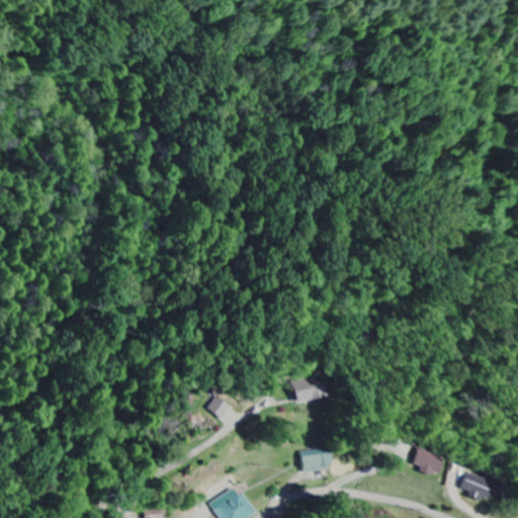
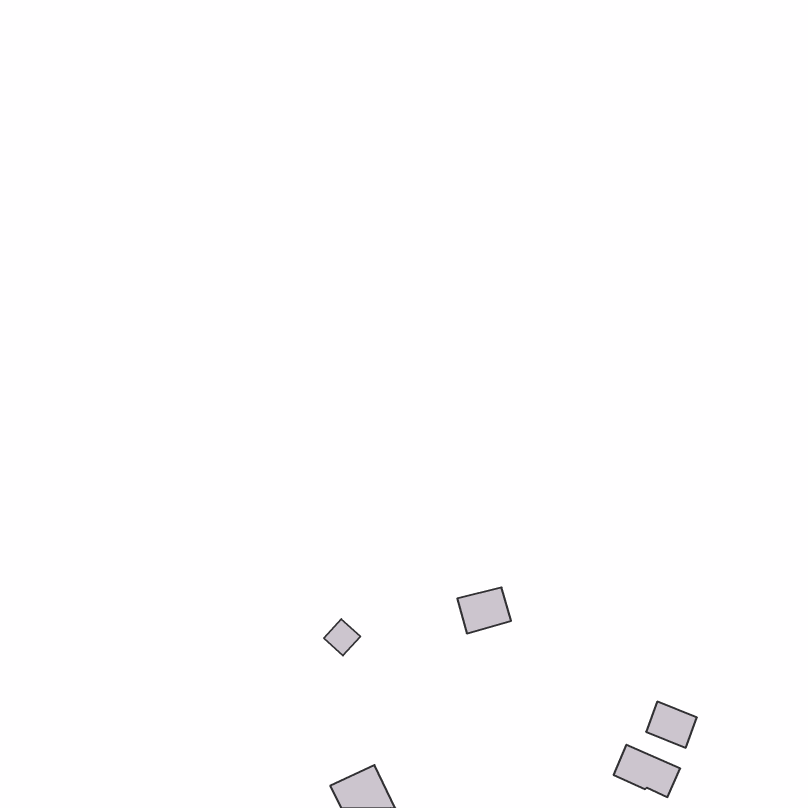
building: [300,447,331,471] -> none
building: [459,470,502,504] -> [614,745,680,797]

